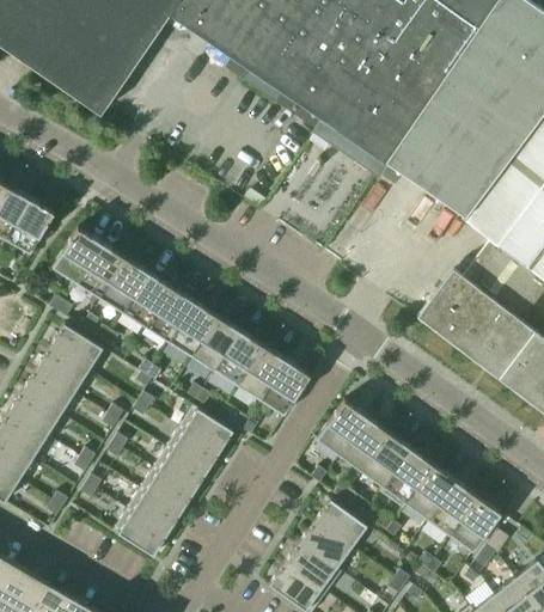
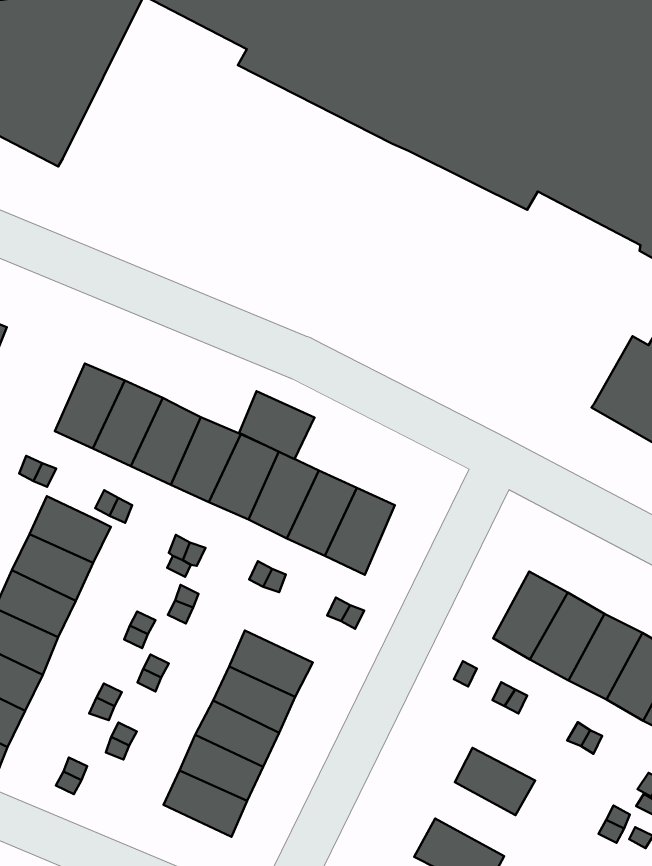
building: [51,226,100,282] -> none
building: none -> [239,391,314,459]
building: [261,359,310,415] -> none
building: [313,396,366,452] -> none
building: [179,405,233,452] -> none
building: [314,498,367,546] -> none
building: [285,540,341,592] -> none

